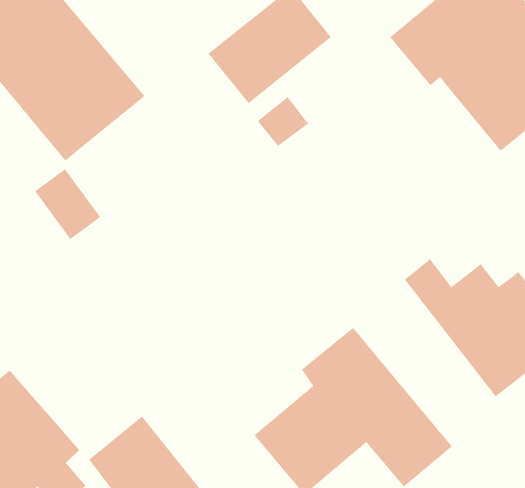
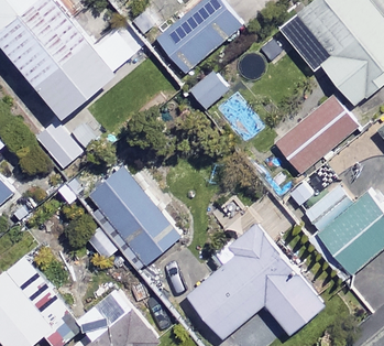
building: none -> [274,96,356,175]
building: none -> [81,164,182,270]

